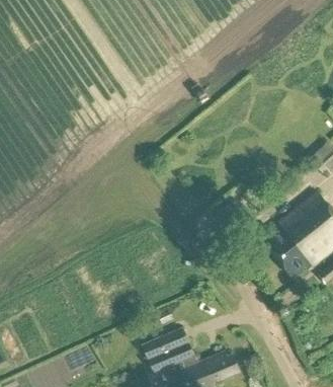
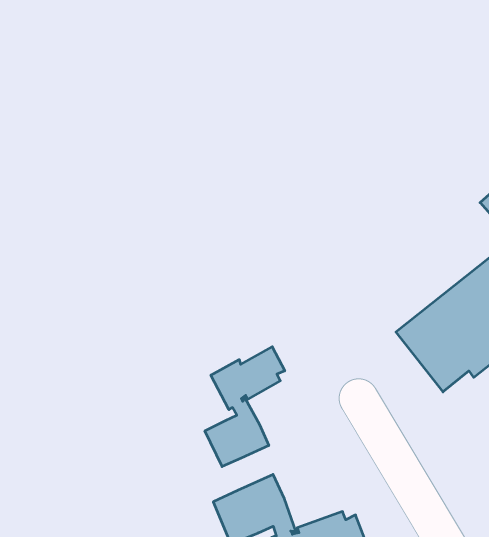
building: none -> [205,347,285,467]

